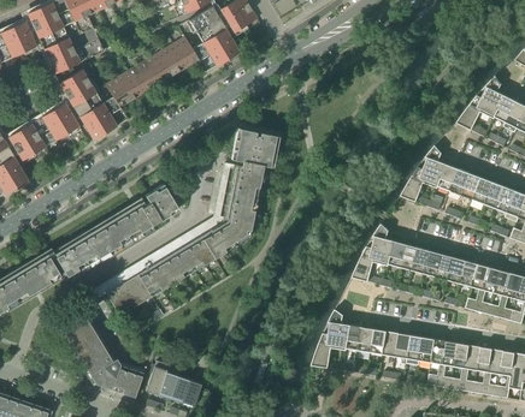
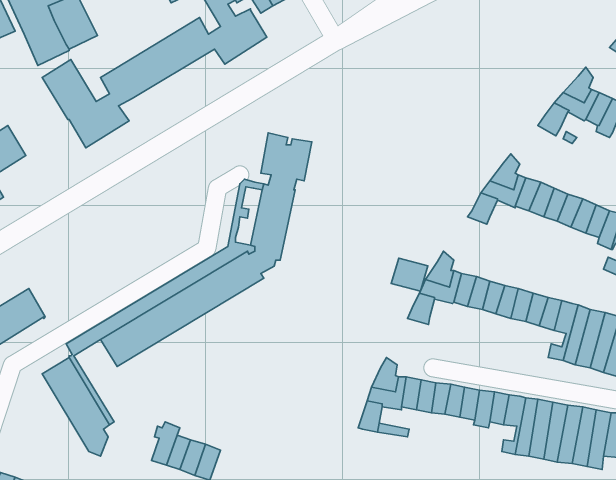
building: [42,102,79,139] -> none
building: [54,185,179,275] -> none
building: none -> [391,258,428,291]
building: [106,364,143,397] -> none

